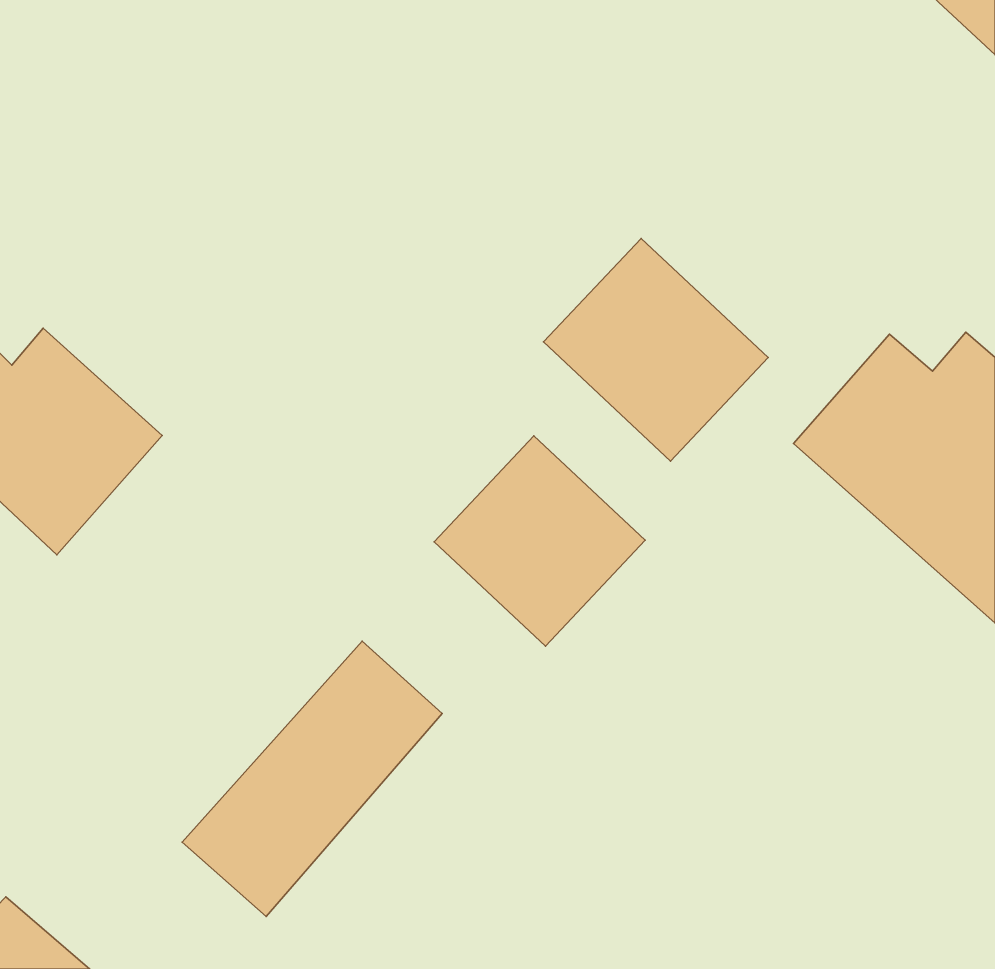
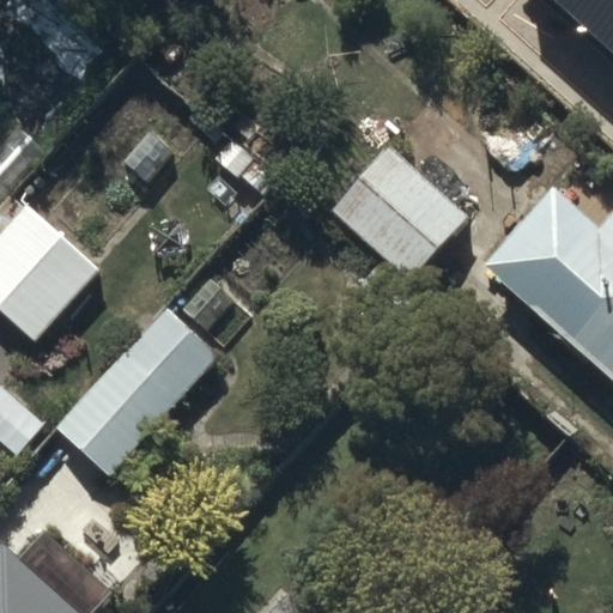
building: [434,436,645,646] -> none
building: [182,641,442,917] -> [56,305,216,474]

